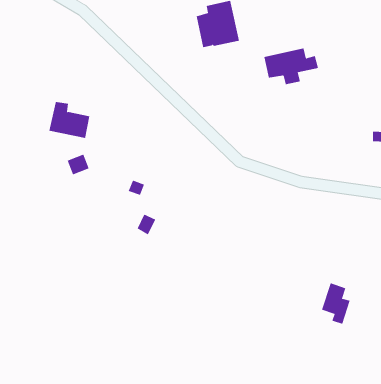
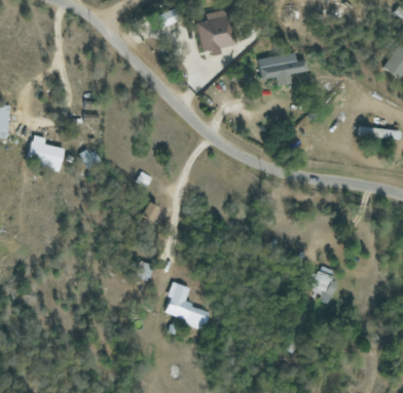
building: [48,101,90,139] -> [27,134,65,168]
building: none -> [163,281,210,328]

